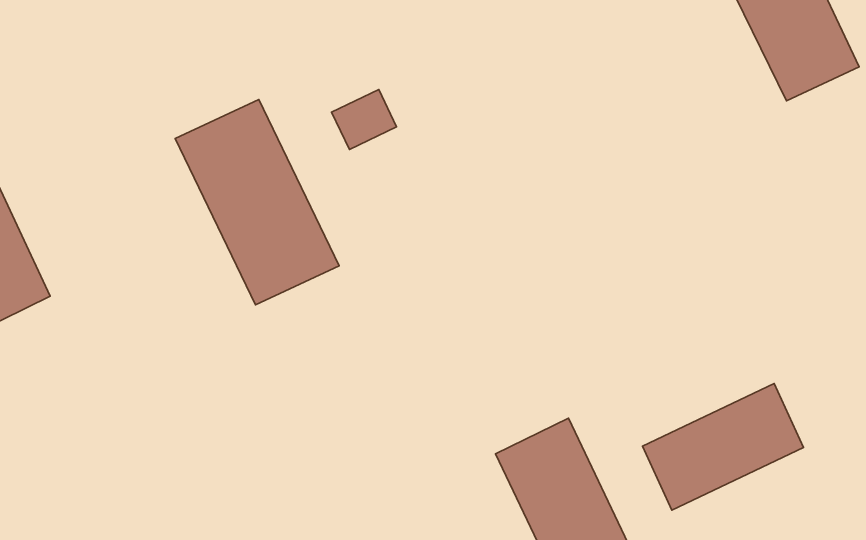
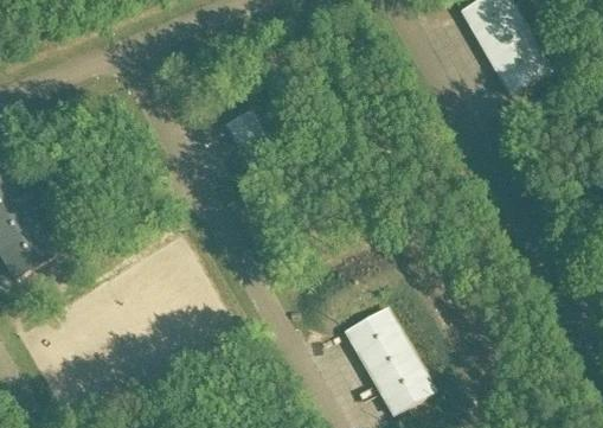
building: [175,99,339,305] -> none
building: [643,384,804,510] -> none

